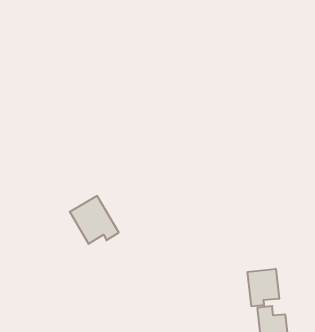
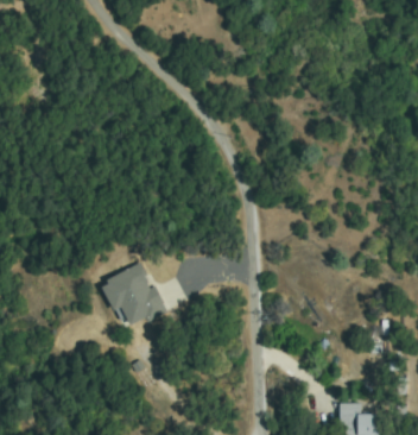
building: [248,269,279,306] -> none

